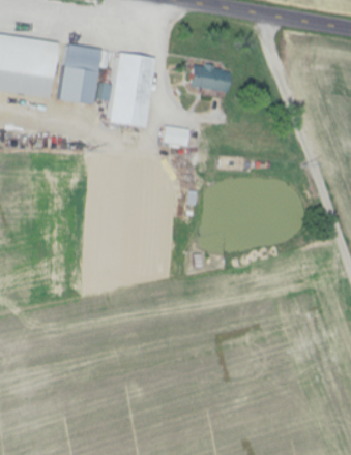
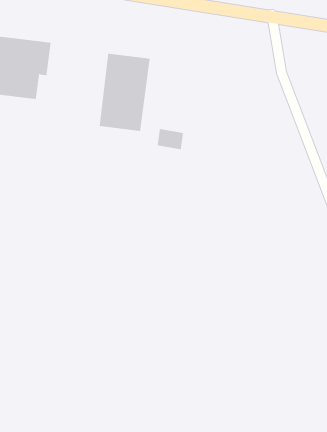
building: [58,44,114,104] -> none
building: [187,64,231,92] -> none

